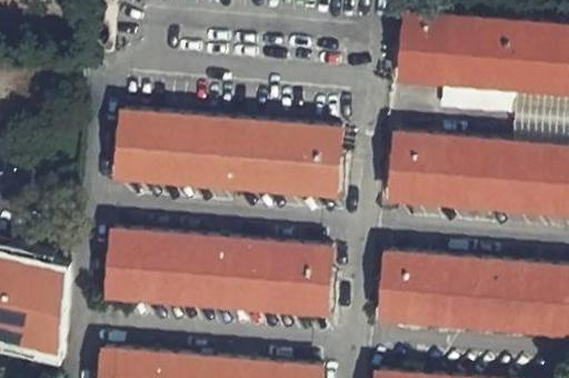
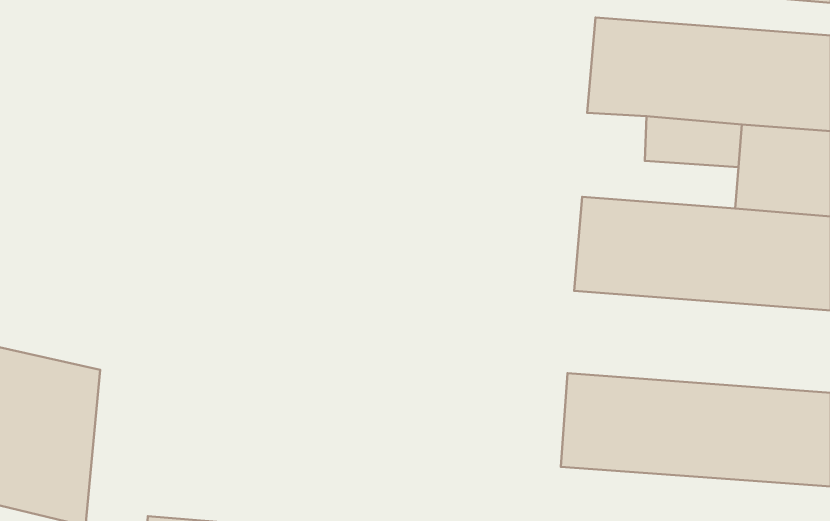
building: [116,113,338,195] -> none
building: [106,231,328,312] -> none

